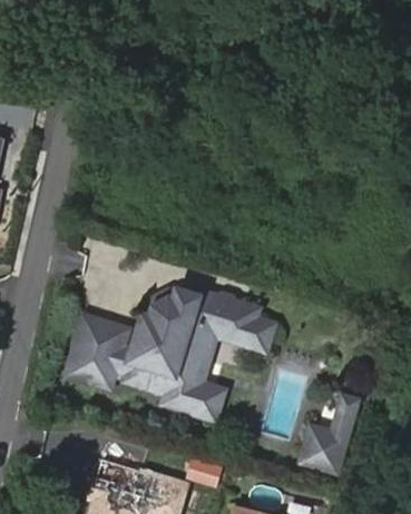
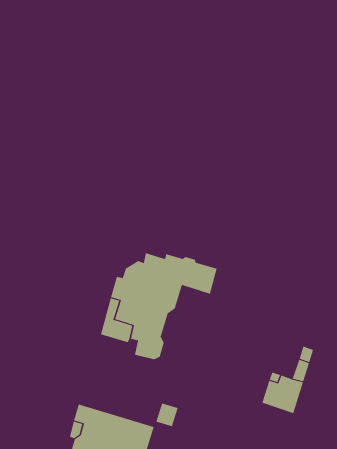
building: [184,312,275,416] -> none
building: [66,316,125,386] -> none

